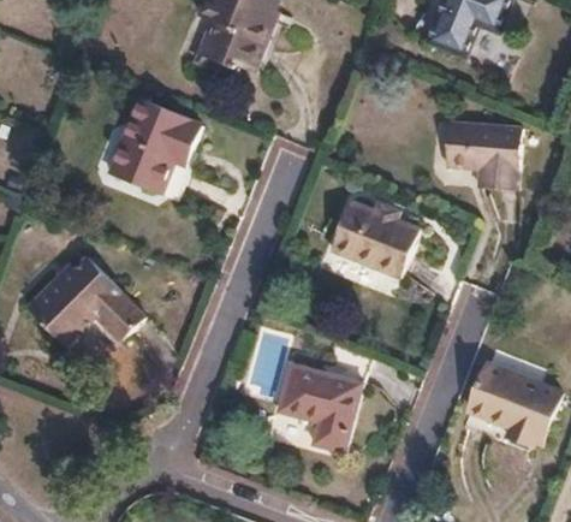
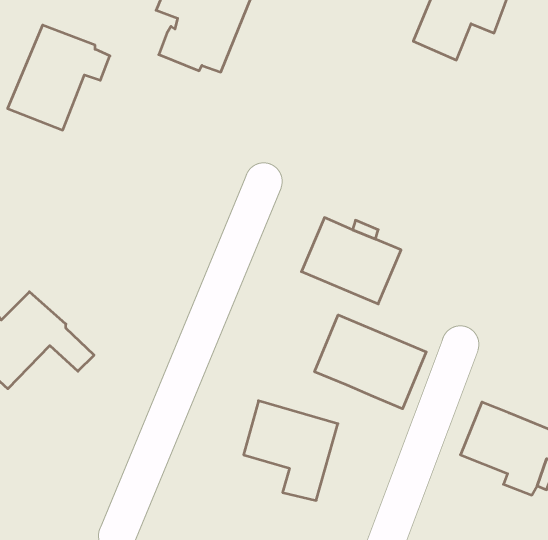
building: [109,99,201,192] -> [8,25,110,130]
building: [451,123,523,190] -> none
building: none -> [315,315,426,409]

